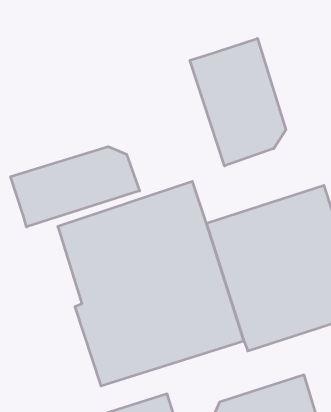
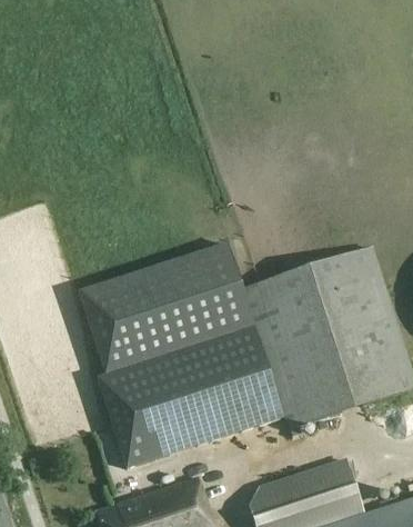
building: [190,38,286,166] -> none
building: [11,147,140,227] -> none

